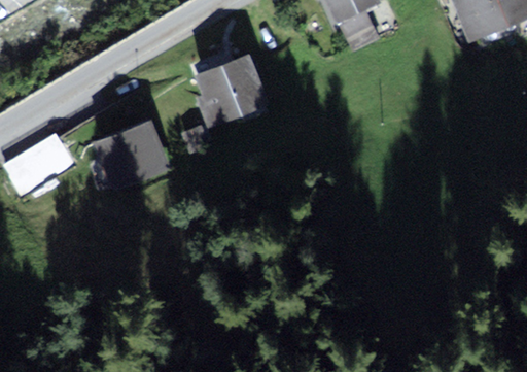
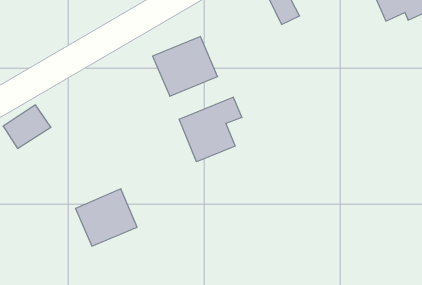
building: [94,121,168,190] -> [76,189,137,246]
building: none -> [179,97,242,162]

